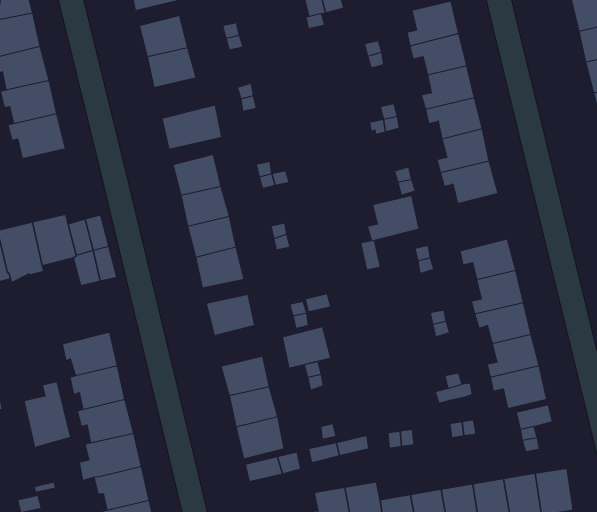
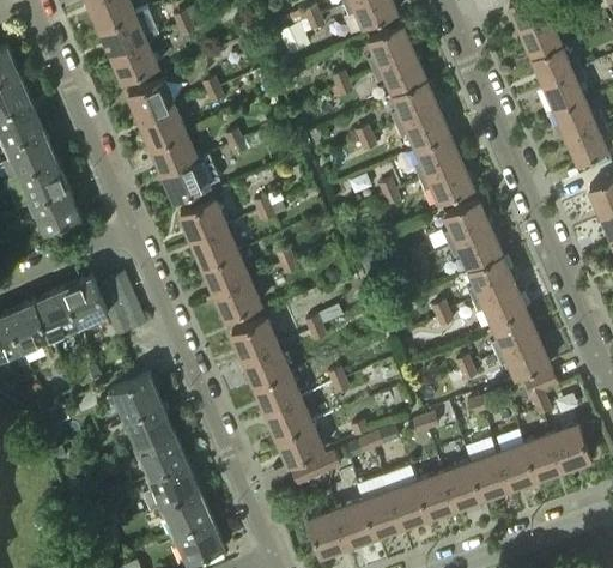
building: none -> [151,133,198,175]
building: [367,195,419,241] -> [443,200,490,247]
building: [282,327,331,368] -> [243,345,290,387]
building: [24,382,70,447] -> none

